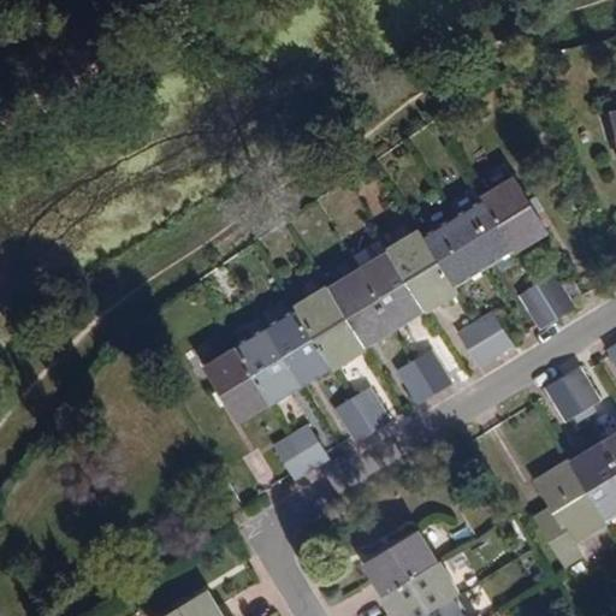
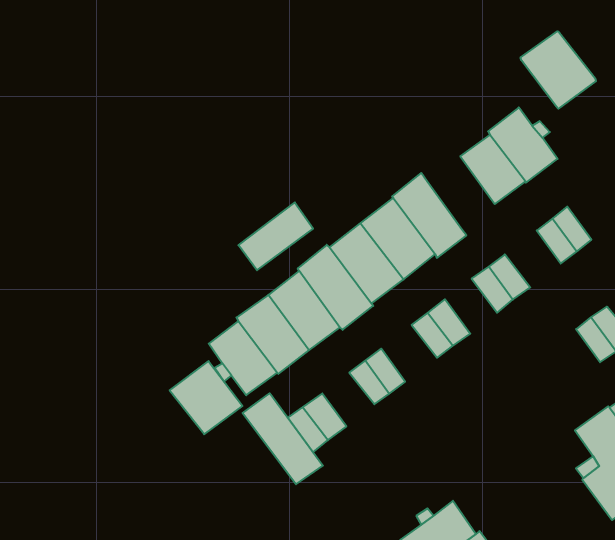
building: none -> [521,31,596,109]
building: [422,219,482,286] -> none
building: none -> [238,202,313,270]
building: none -> [170,361,242,434]
building: none -> [243,393,323,484]

